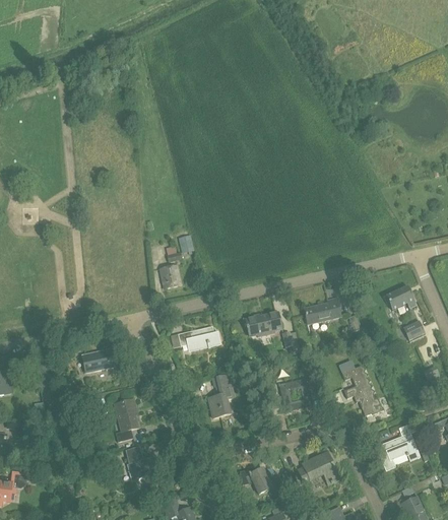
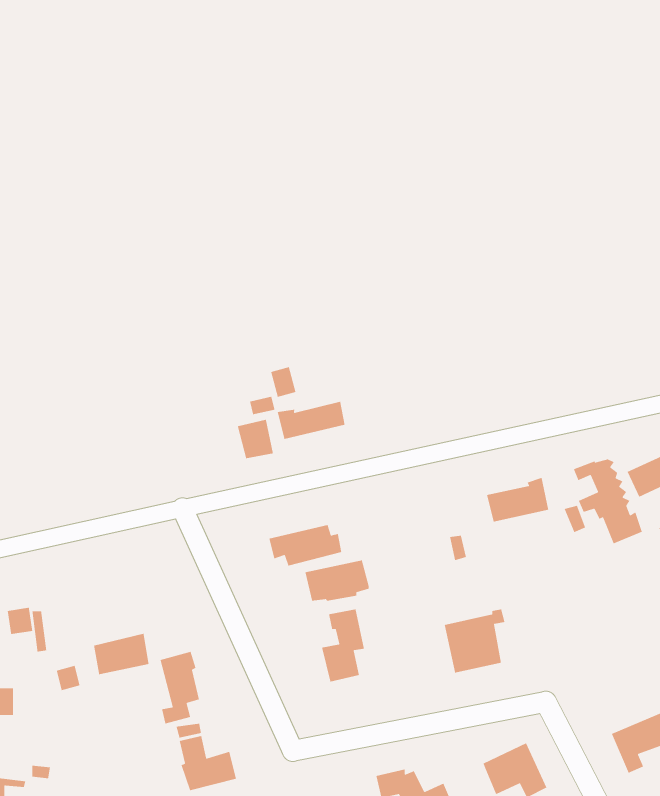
building: none -> [277,401,346,440]
building: [245,313,282,337] -> [304,559,369,602]
building: [82,348,115,373] -> [93,633,149,675]
building: [341,367,382,416] -> [573,458,643,545]

